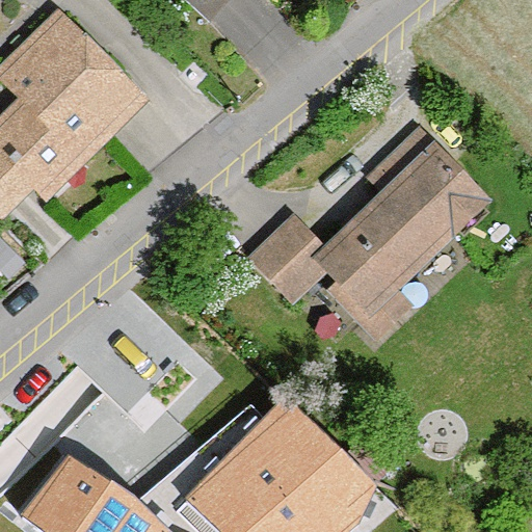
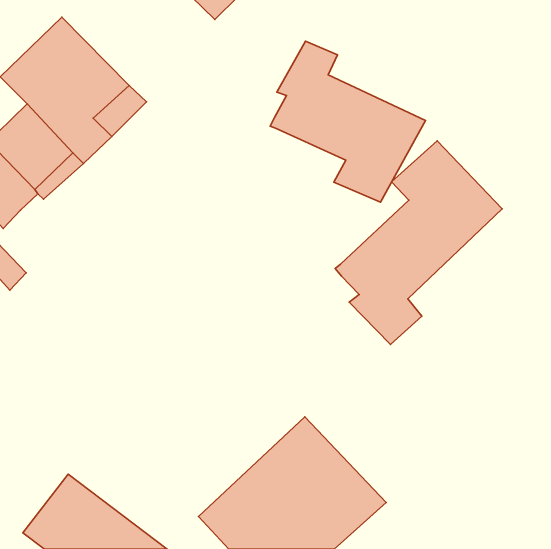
building: none -> [270,41,425,202]
building: [251,218,327,301] -> none

